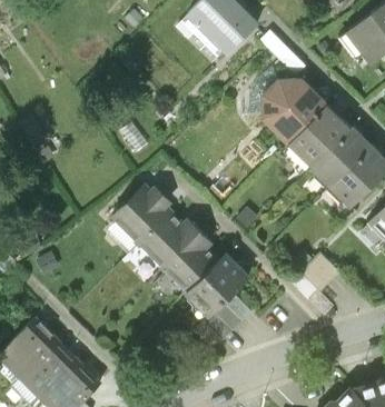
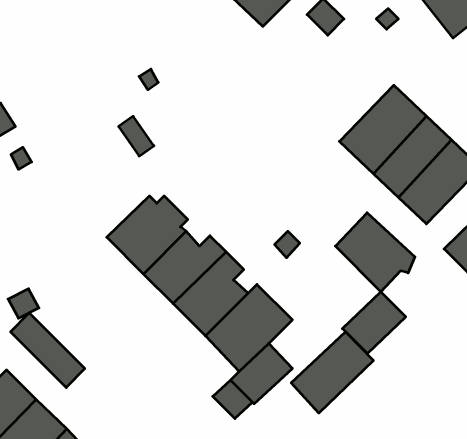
building: [263,75,328,143] -> none
building: none -> [335,213,415,292]
building: none -> [11,313,85,388]
building: none -> [291,332,373,413]

